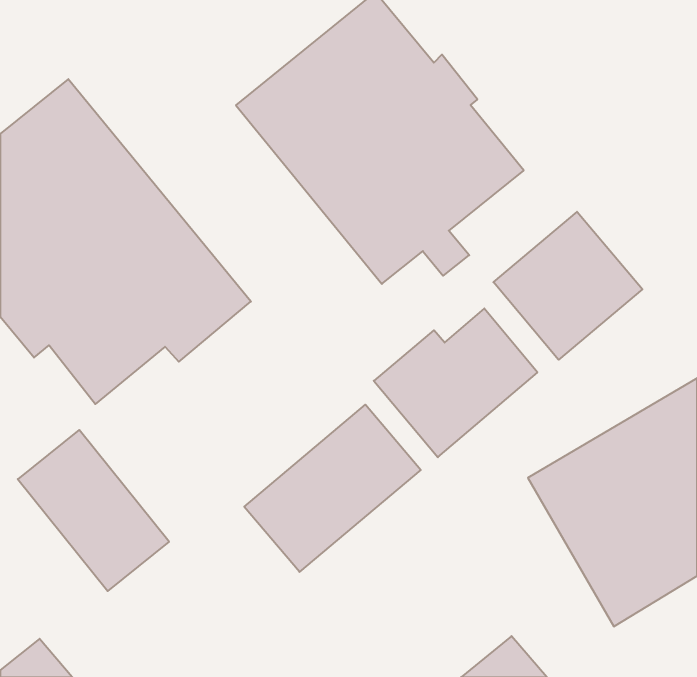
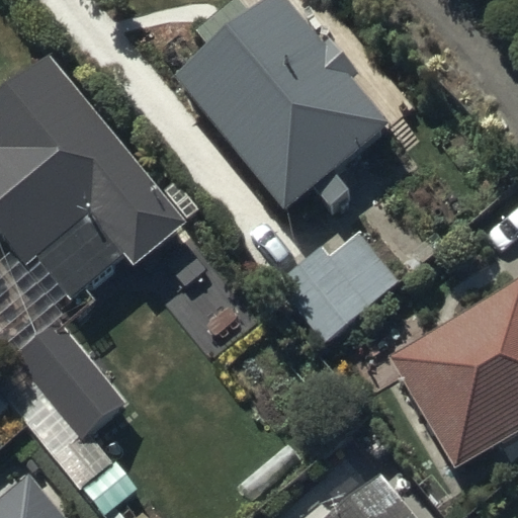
building: [493,212,642,360] -> none
building: [244,405,421,572] -> none

